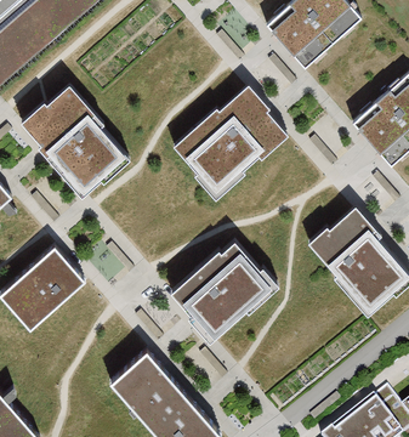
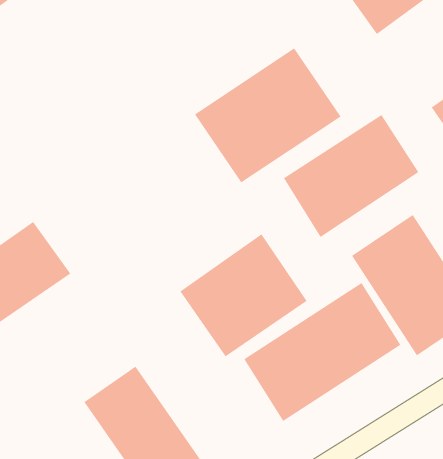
building: [21,81,125,189] -> none
building: none -> [283,114,419,238]
building: none -> [243,282,401,422]

